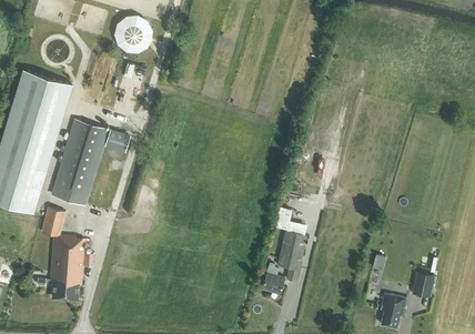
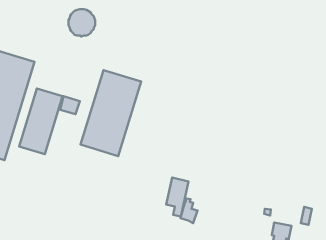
building: none -> [81,70,141,156]
building: [41,208,83,301] -> none
building: [276,231,305,282] -> [166,177,189,217]

